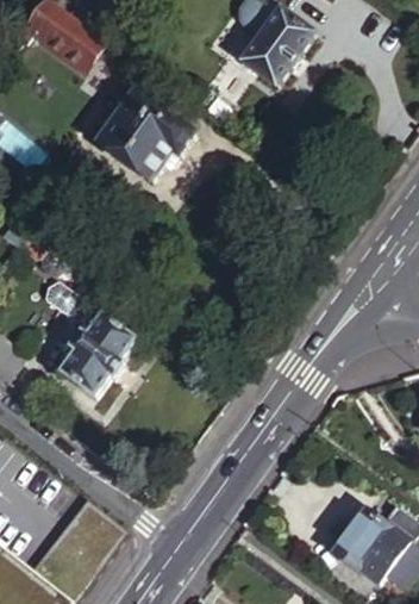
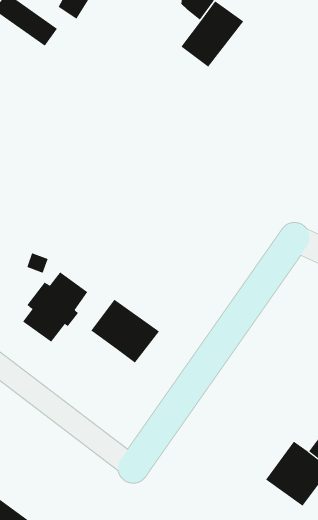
building: [94,87,193,179] -> none
building: none -> [91,299,160,364]

